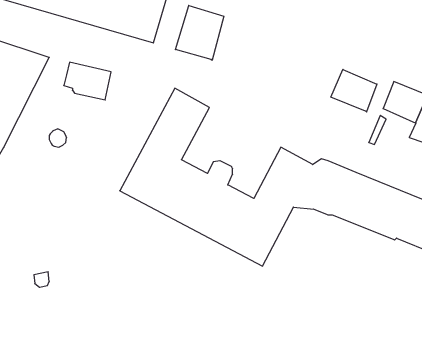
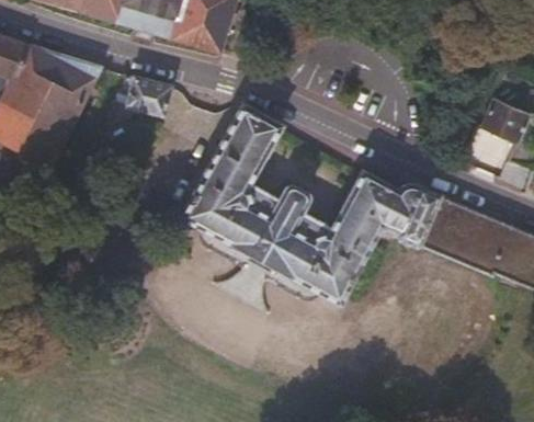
building: [175,5,224,60] -> none
building: [331,69,377,112] -> none

